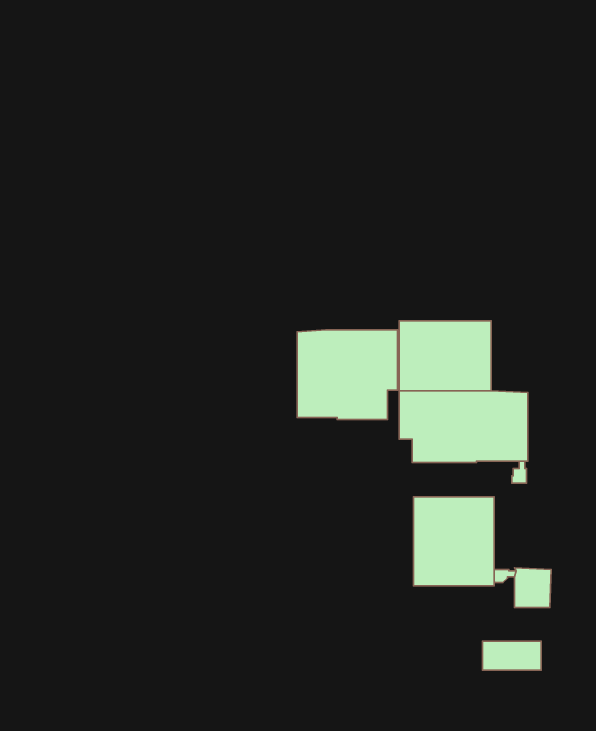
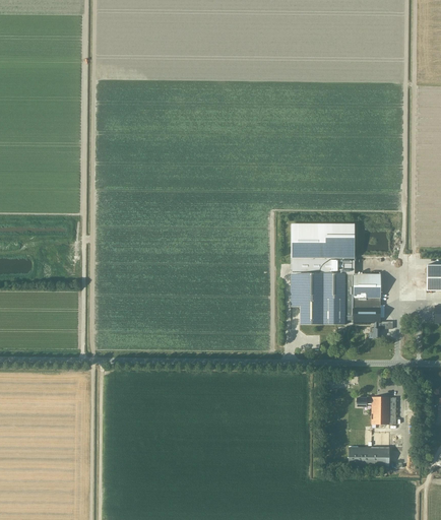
building: [297,330,398,419] -> none
building: [413,497,494,586] -> none

